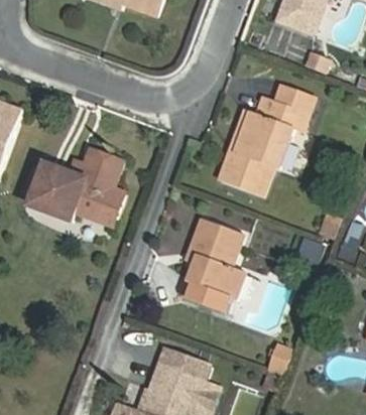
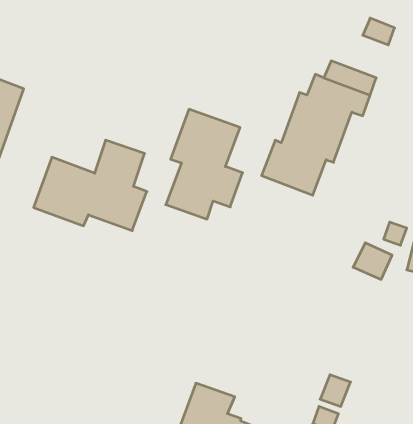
building: [181,218,245,308] -> [166,109,243,219]

